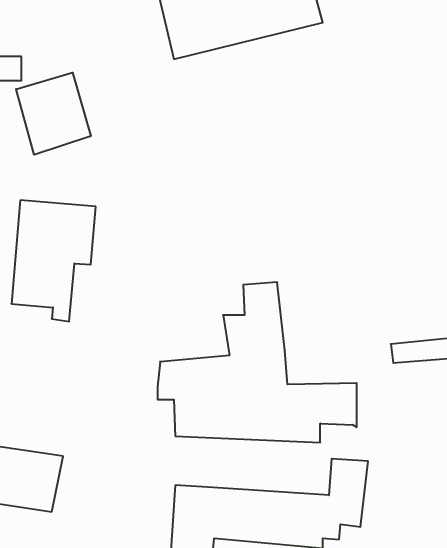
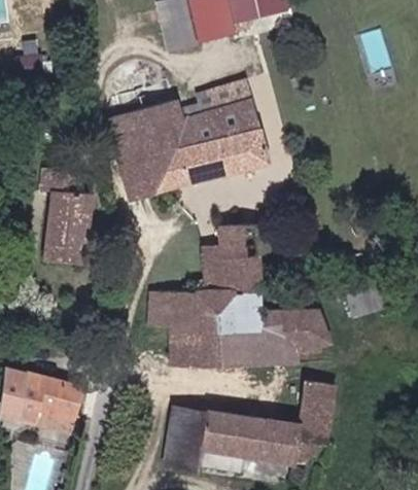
building: [16,73,91,155] -> none
building: none -> [104,82,273,203]

